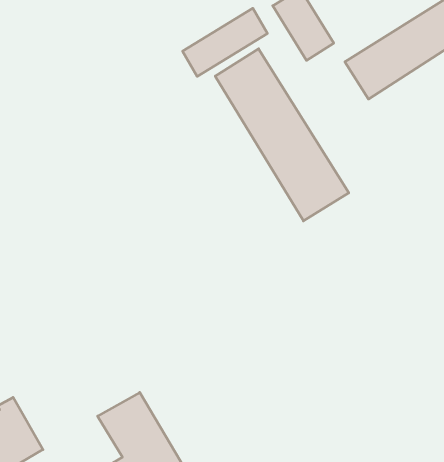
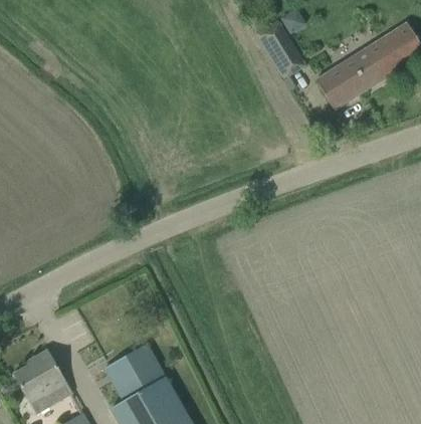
building: [183,8,267,76] -> none
building: [215,49,349,221] -> none

